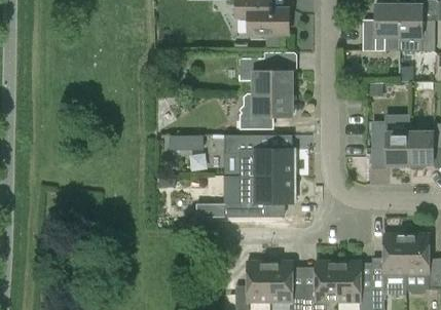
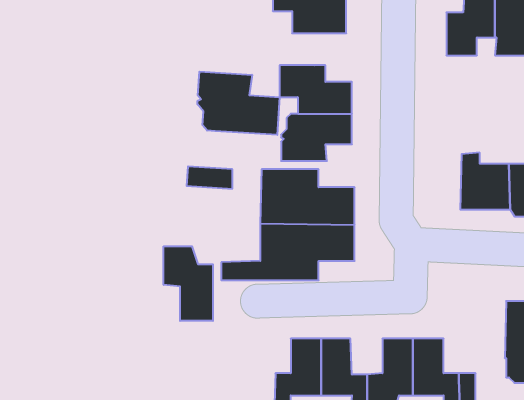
building: none -> [197,72,280,135]
building: none -> [164,246,213,321]
building: [383,233,406,275] -> none

